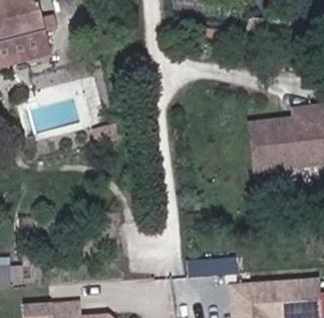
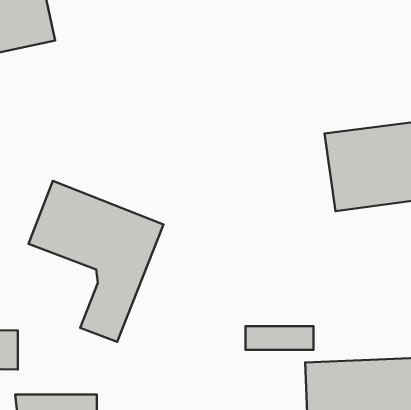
building: none -> [29,181,164,342]

